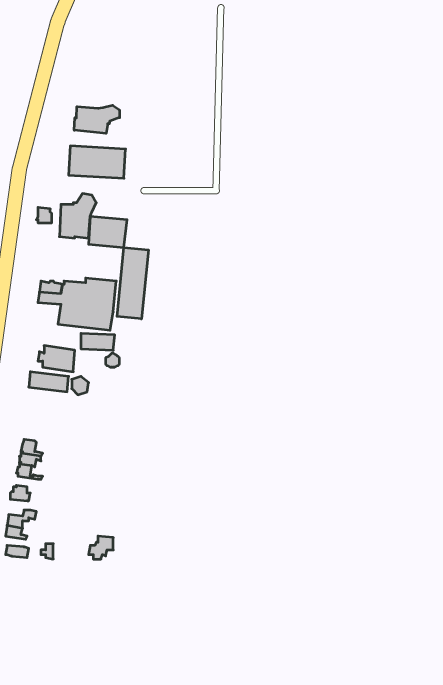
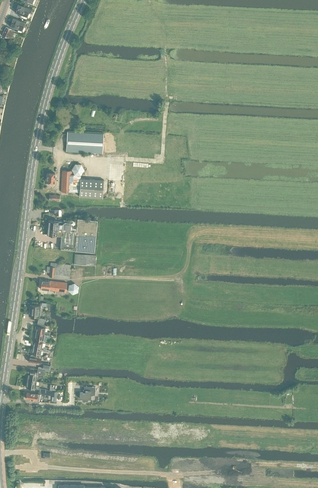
building: [74,105,120,133] -> none
building: [117,247,148,319] -> none

